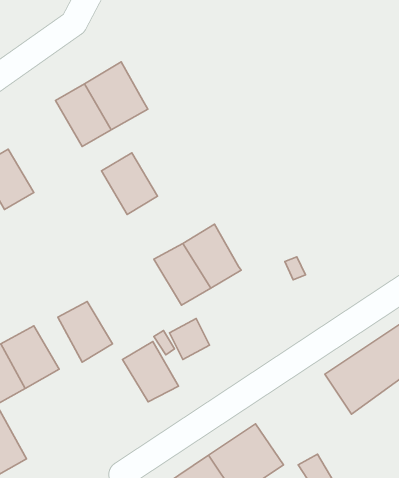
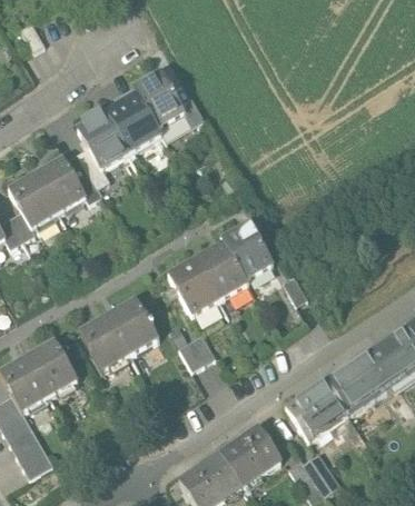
building: none -> [132,68,186,127]
building: [102,153,157,214] -> [33,155,85,211]
building: none -> [219,221,271,279]
building: [123,341,178,402] -> [106,295,157,350]
building: none -> [280,378,348,444]

